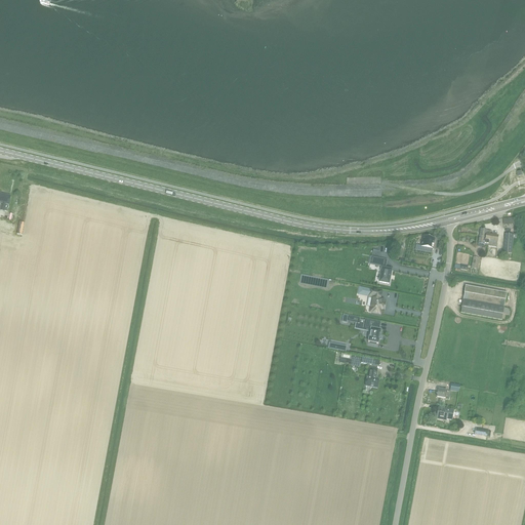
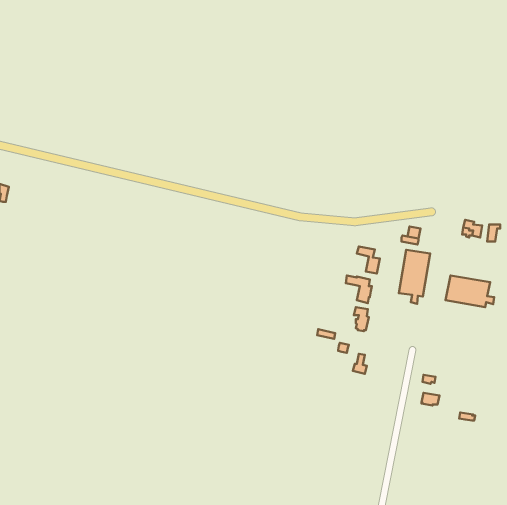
building: none -> [399,250,430,304]

